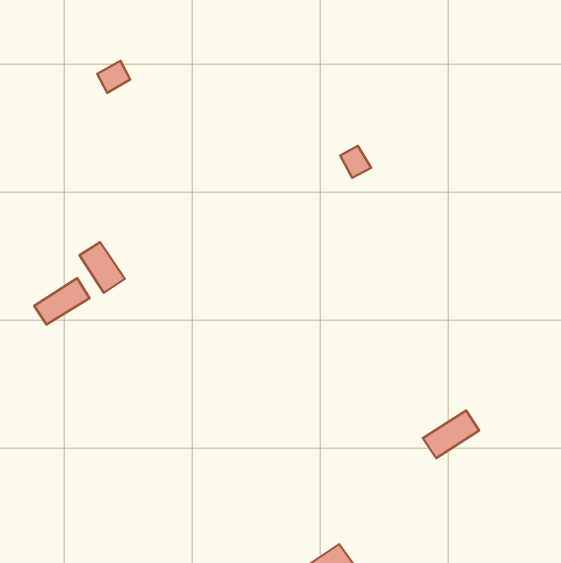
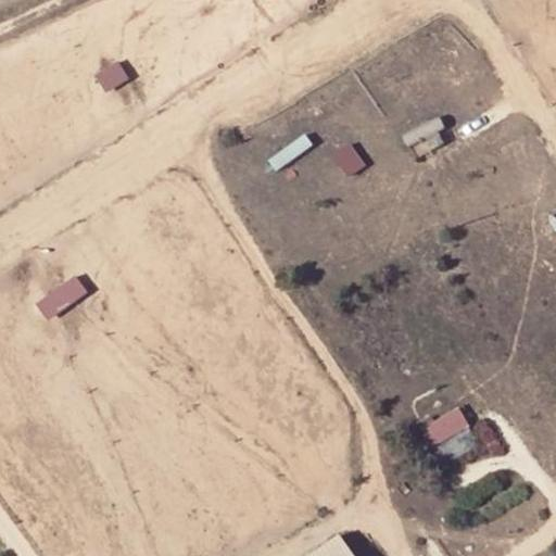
building: [80,242,125,293] -> none

